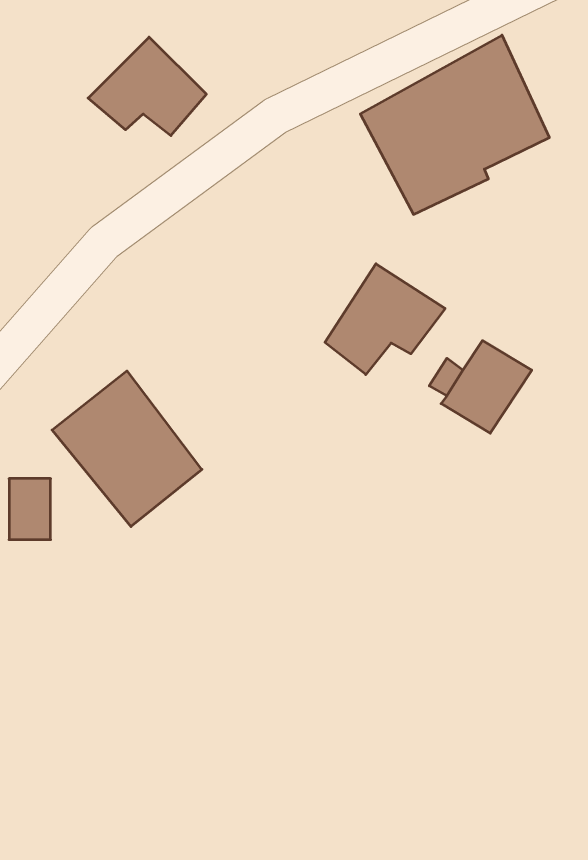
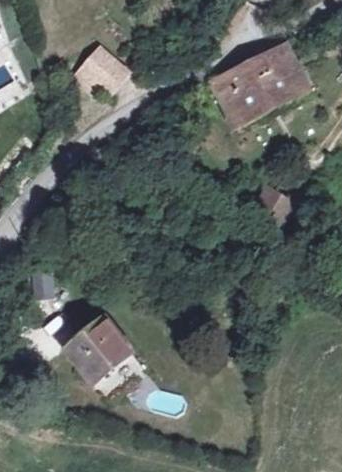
building: [325,264,445,375] -> none
building: [52,371,202,527] -> [66,315,142,394]

